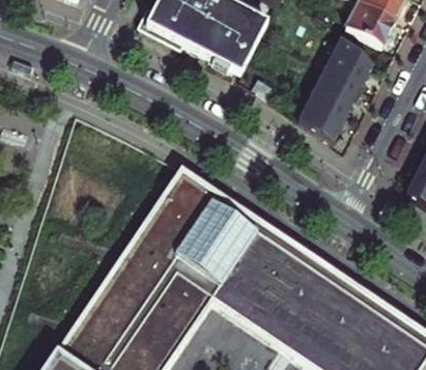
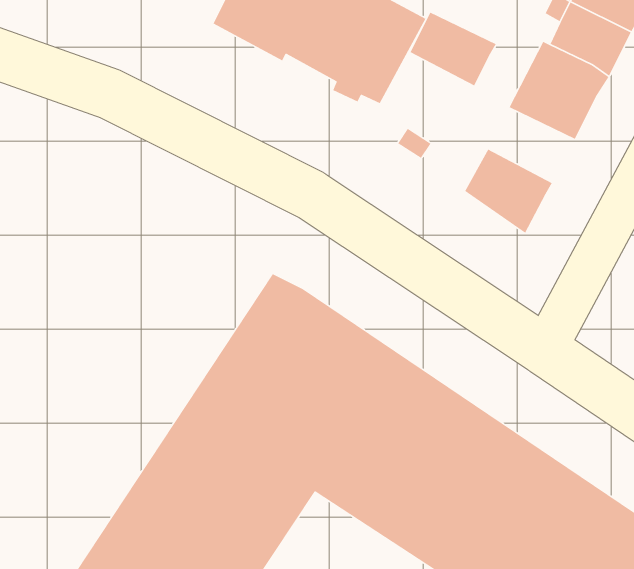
building: [308,70,361,116] -> [409,11,497,87]

